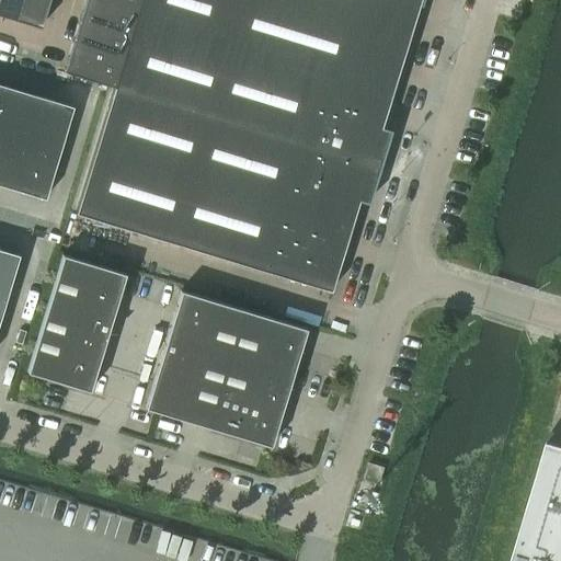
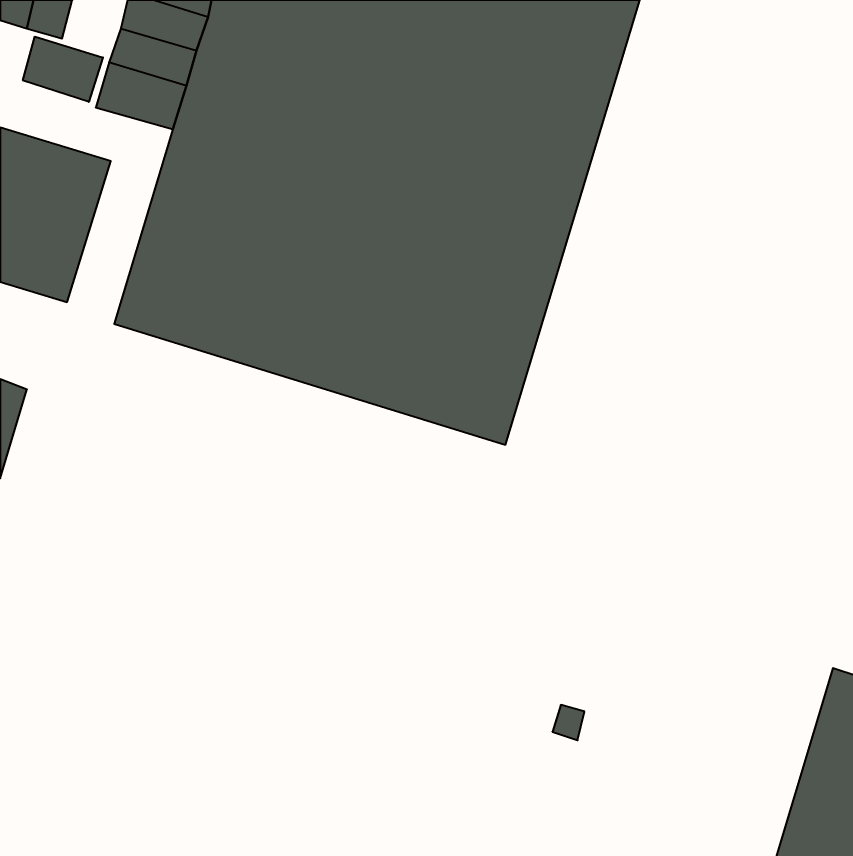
building: none -> [23,37,103,102]
building: [28,254,127,391] -> none
building: [147,290,308,446] -> none

